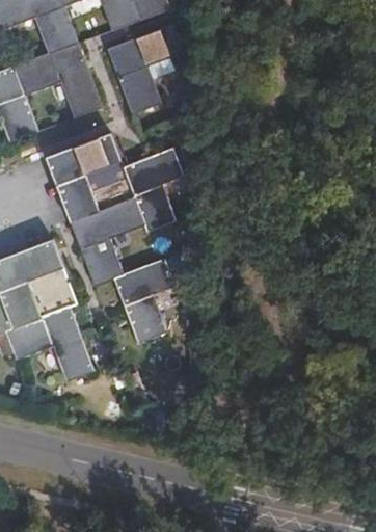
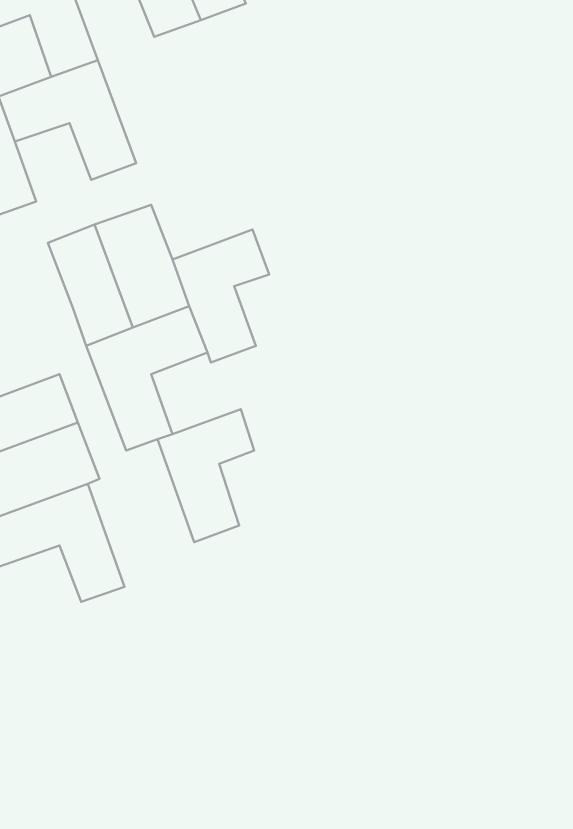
building: [108,24,183,113] -> none

